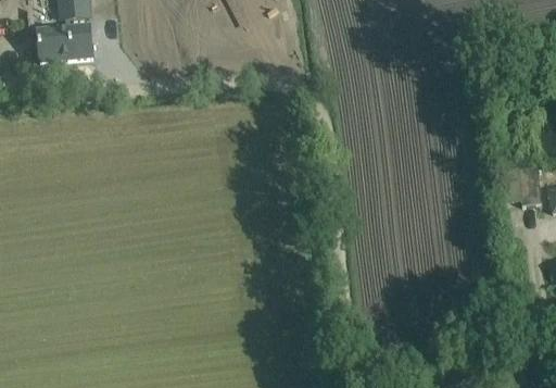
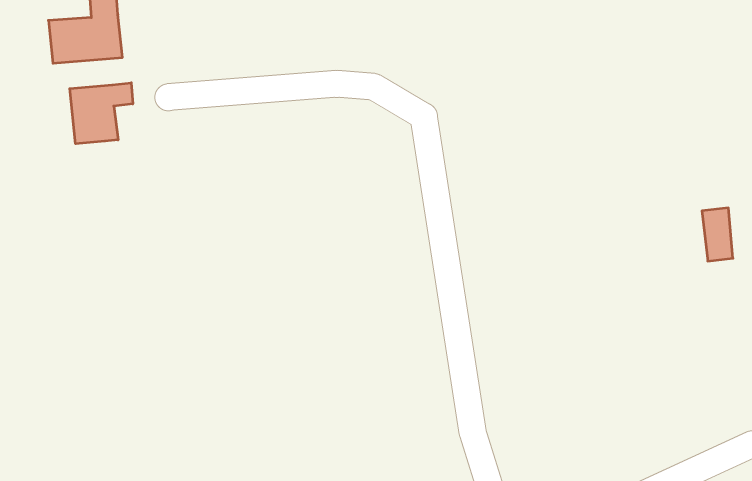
building: none -> [70,83,133,144]

